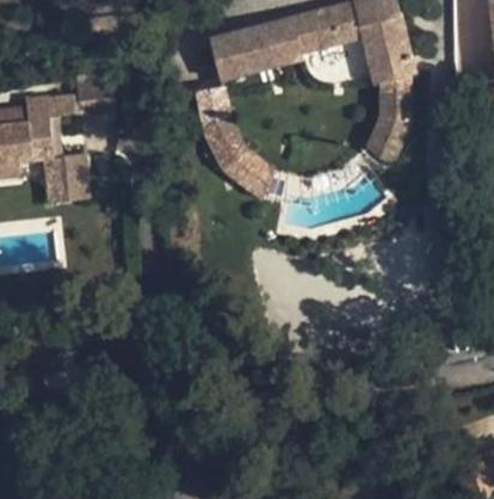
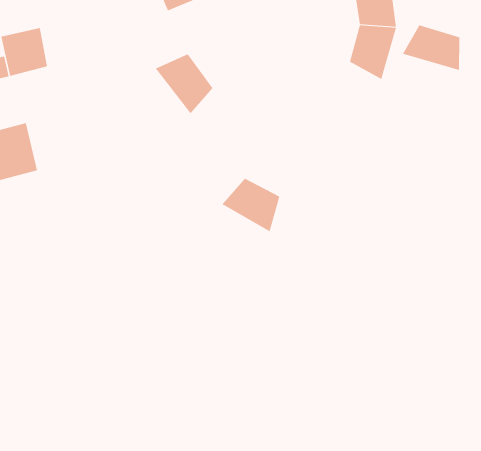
building: none -> [402,25,460,71]
building: [224,149,274,198] -> [222,178,280,232]

